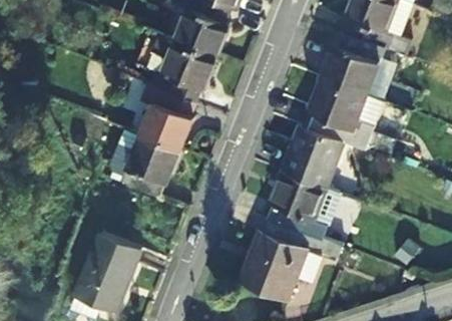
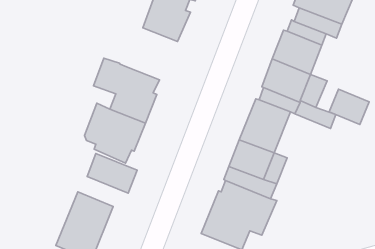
building: [146,33,213,101] -> none
building: none -> [329,89,369,125]
building: none -> [87,154,137,193]

